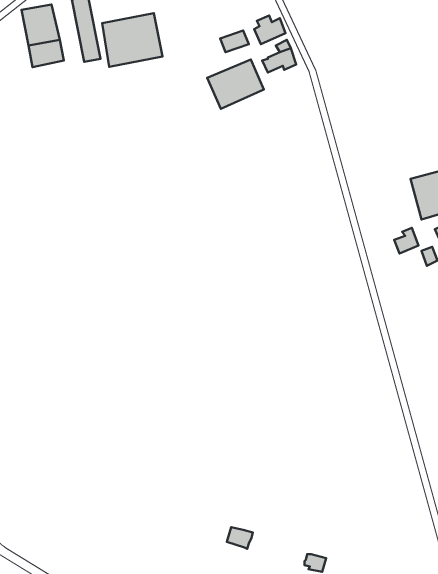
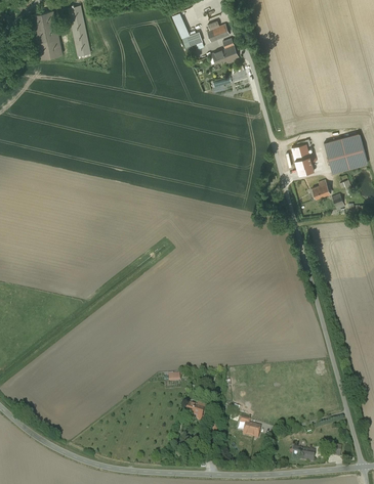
building: [102,13,162,67] -> none
building: [207,60,264,109] -> none
building: none -> [292,142,314,175]

